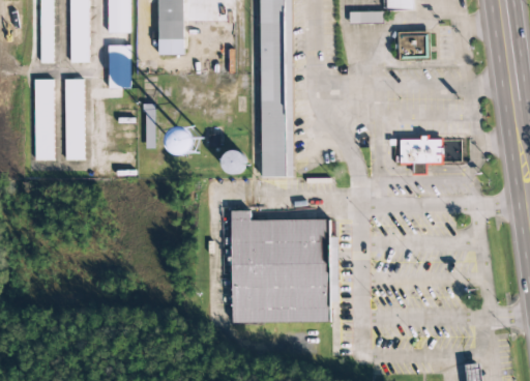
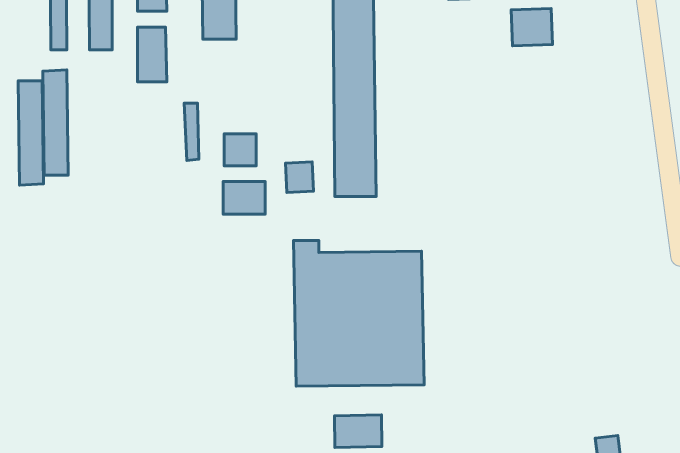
building: [65,79,85,159] -> [18,81,43,185]
building: [394,135,443,174] -> none
building: none -> [223,181,265,214]
building: none -> [334,415,382,447]

